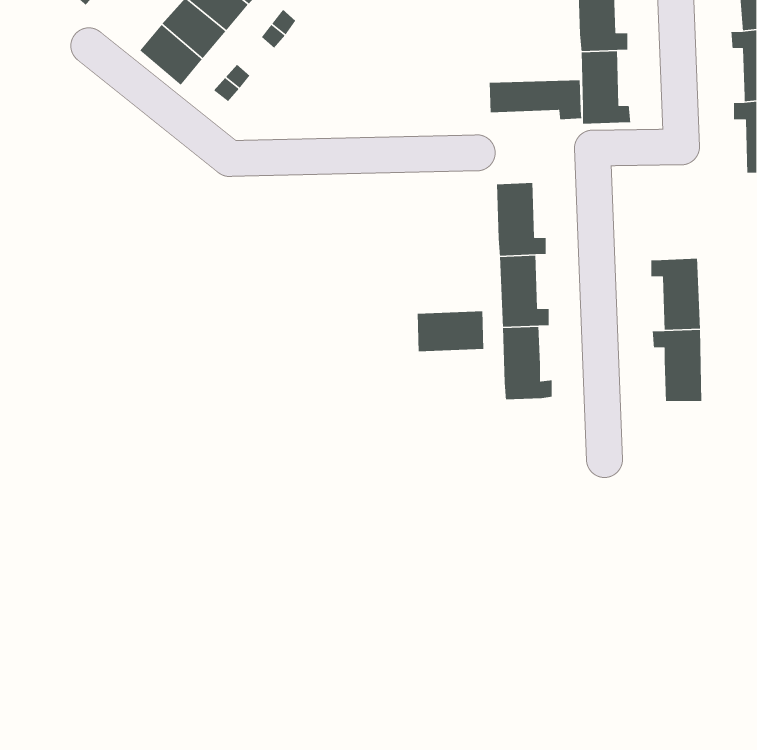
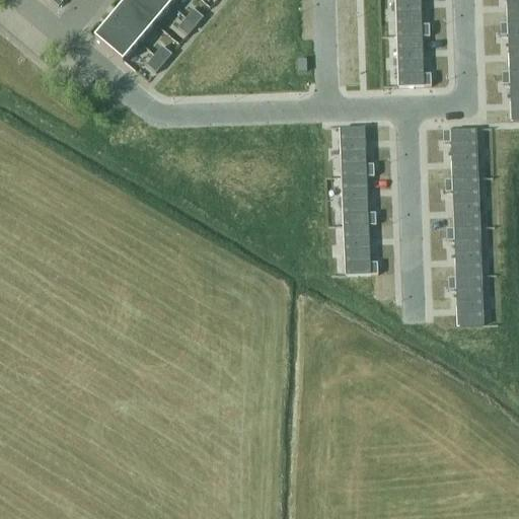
building: [489,80,582,120] -> none
building: none -> [443,127,477,177]
building: [417,311,484,352] -> none
building: none -> [448,275,483,324]

